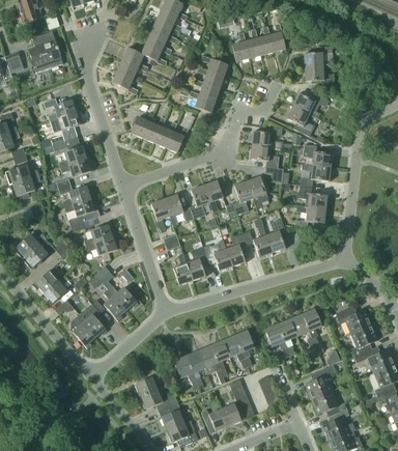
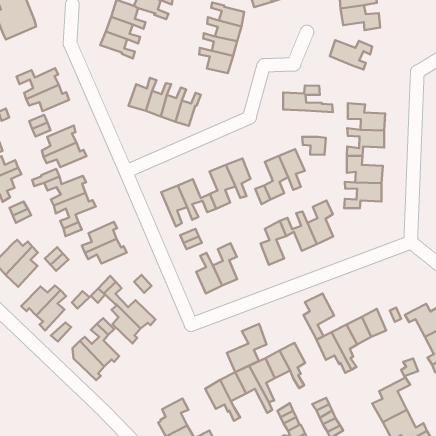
building: [286,105,314,136] -> none
building: [250,144,279,168] -> none
building: [202,239,231,272] -> none
building: none -> [304,294,334,339]
building: none -> [227,324,267,372]

